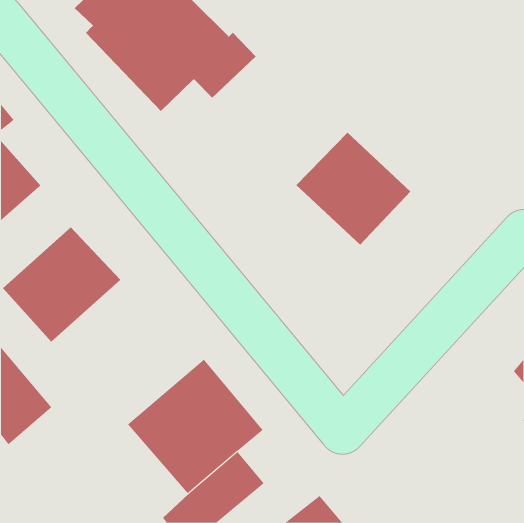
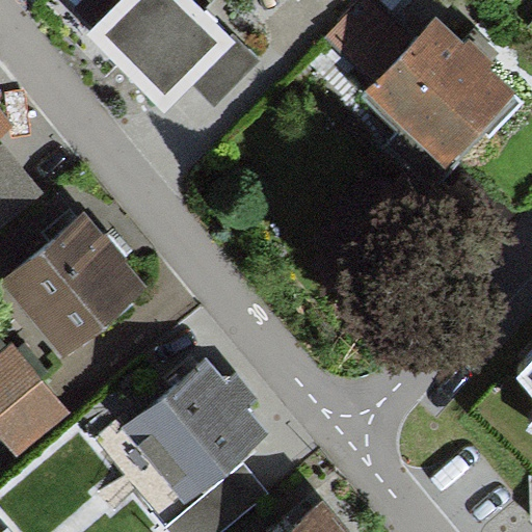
building: none -> [326,5,518,168]
building: [295,132,411,246] -> none

